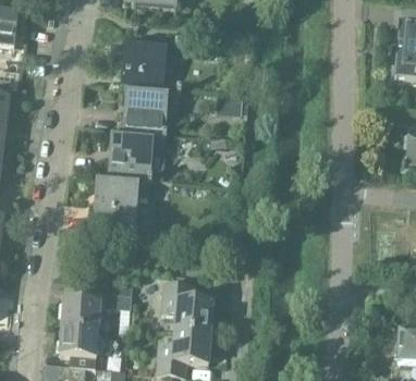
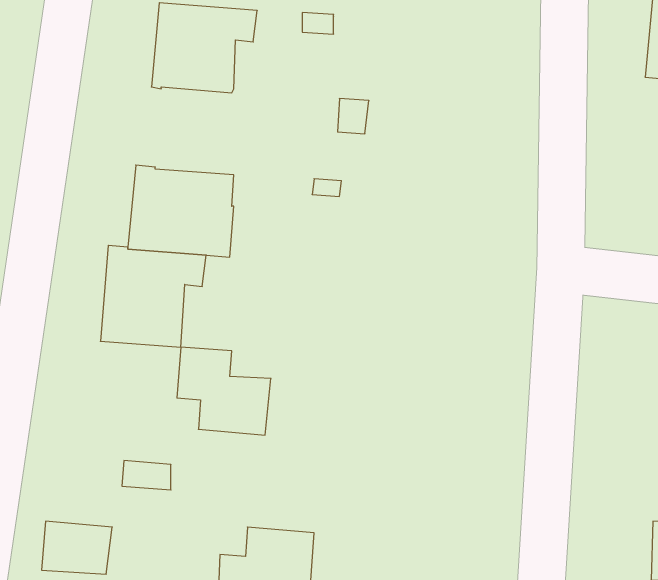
building: [122,84,180,133] -> none
building: [161,283,213,332] -> [177,347,271,435]
building: [61,298,100,329] -> none

